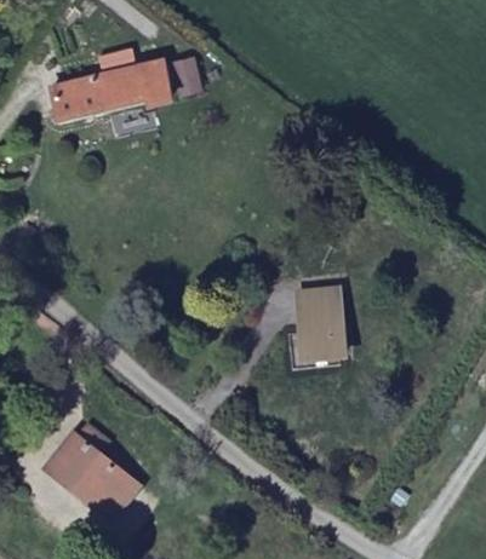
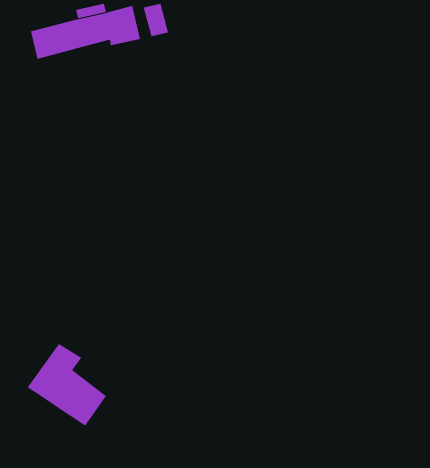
building: [302,298,343,356] -> none

